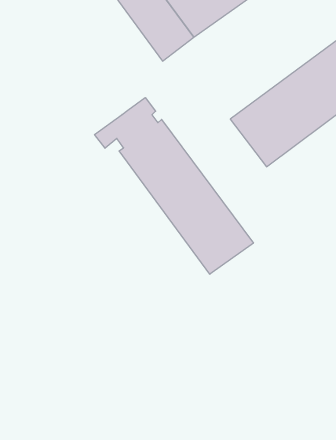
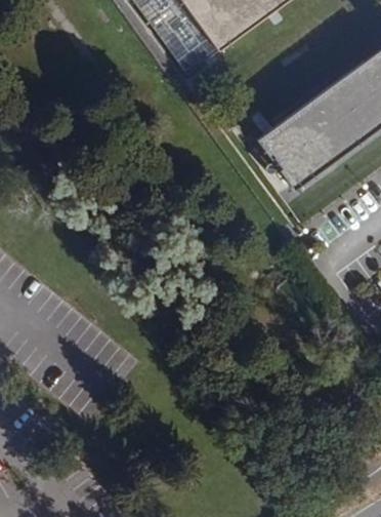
building: [95,98,253,274] -> none

